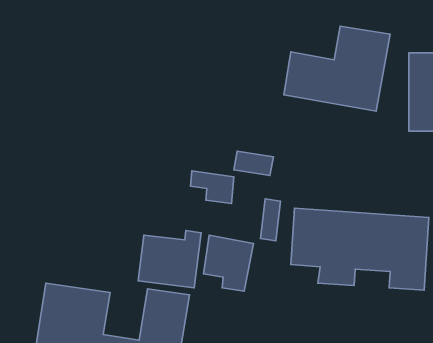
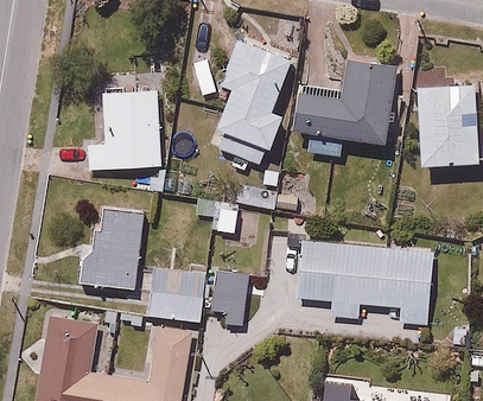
building: none -> [209,37,292,167]
building: none -> [87,91,163,170]
building: none -> [76,205,142,289]

